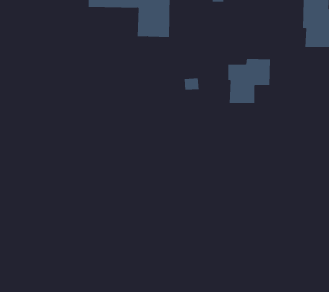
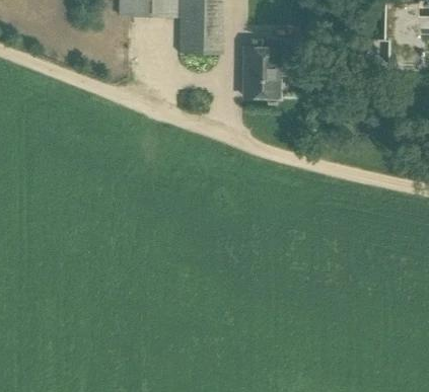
building: [227,58,271,104] -> [244,40,298,95]

